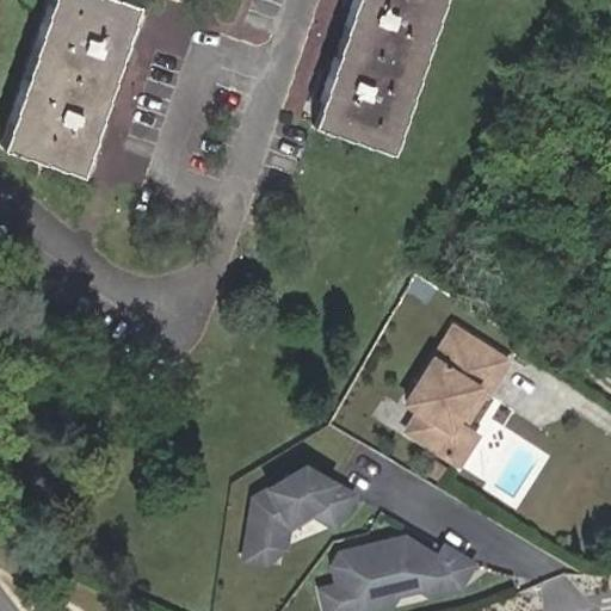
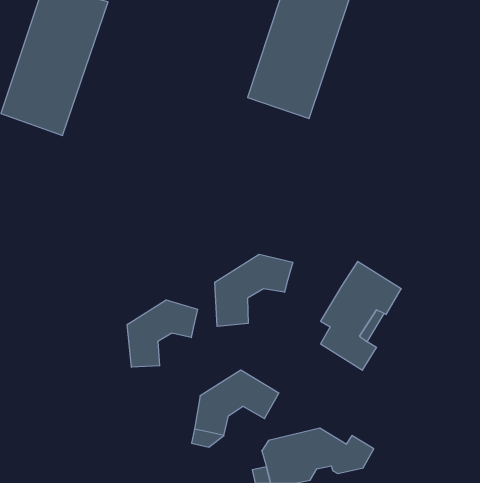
building: none -> [215,254,293,326]
building: none -> [127,300,198,367]

